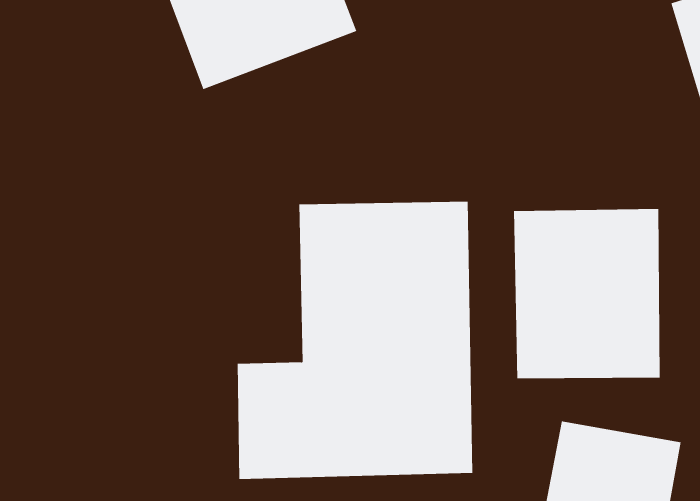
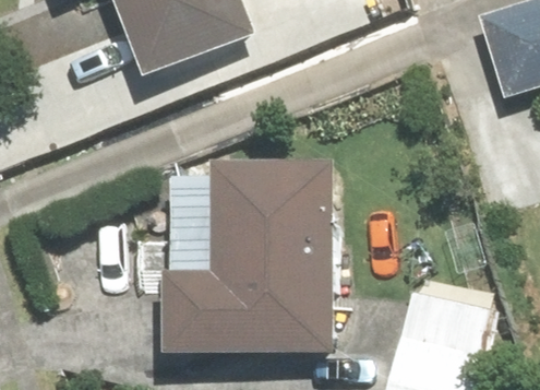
building: [514,208,660,379] -> none

